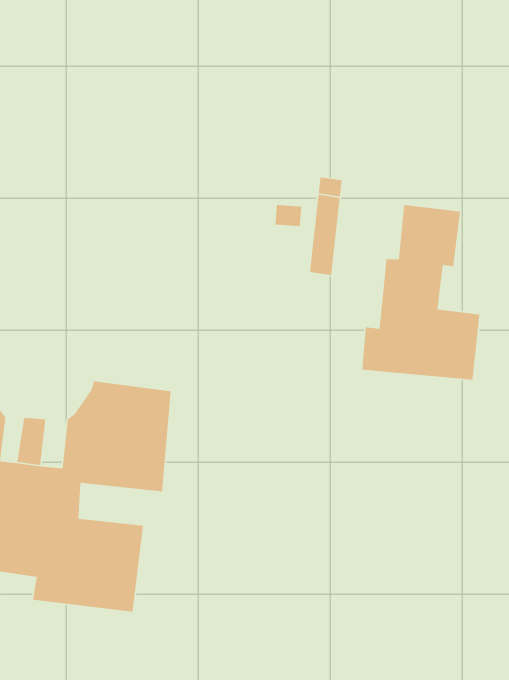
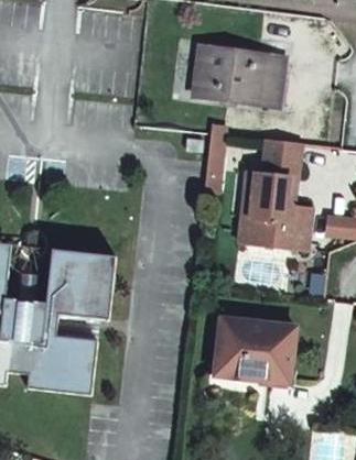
building: none -> [193,44,284,102]
building: none -> [207,316,294,391]

